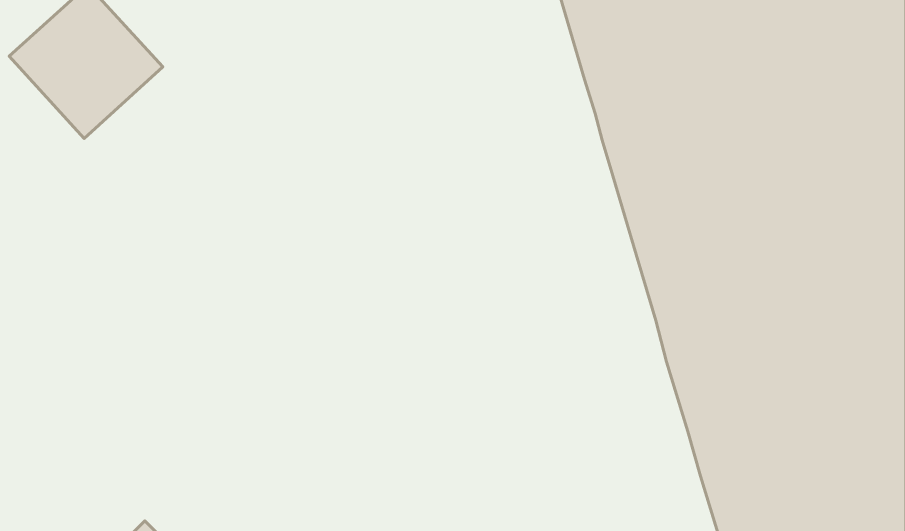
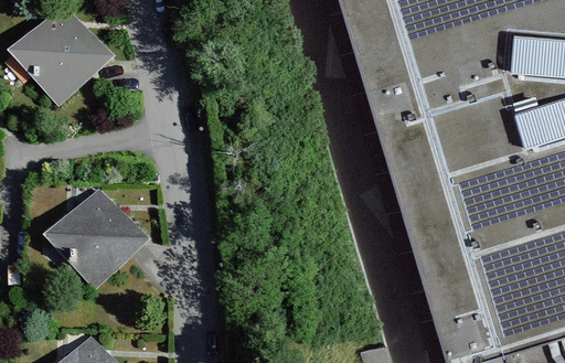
building: none -> [45,192,140,287]

